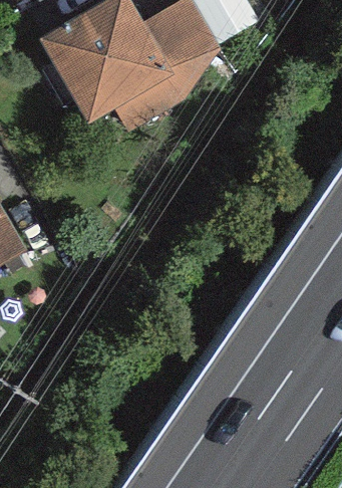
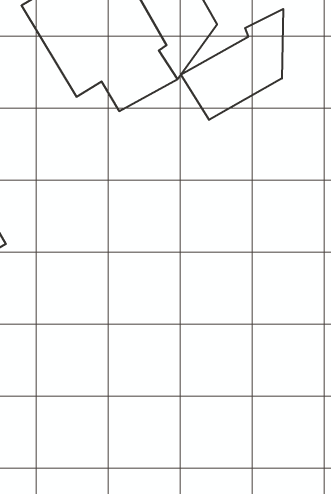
building: none -> [181,9,283,120]

